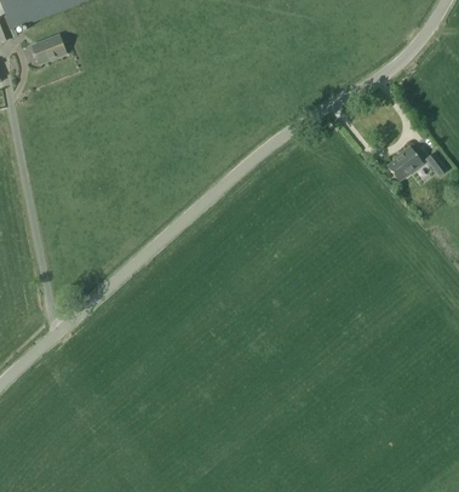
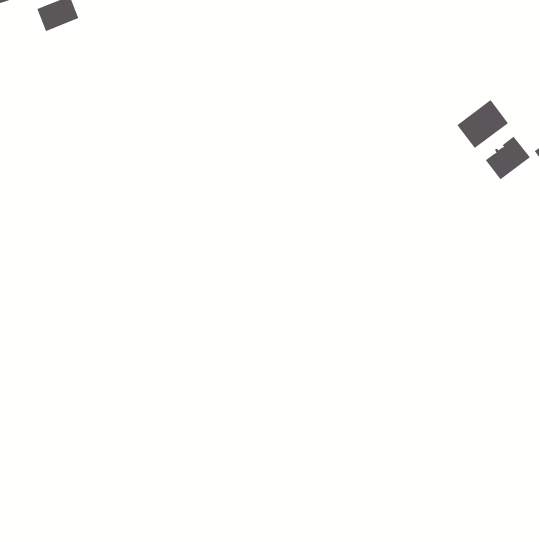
building: none -> [456,99,509,149]

